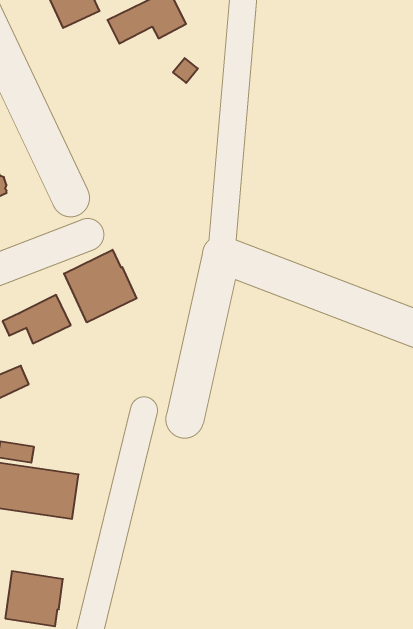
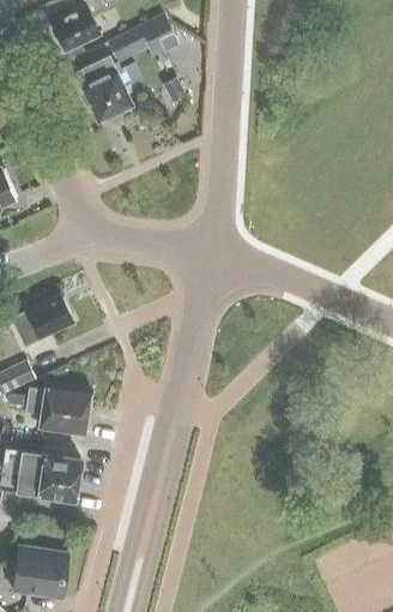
building: none -> [79,55,131,120]
building: [64,250,137,322] -> none
building: none -> [25,383,91,434]

